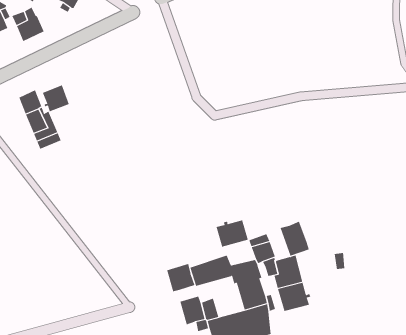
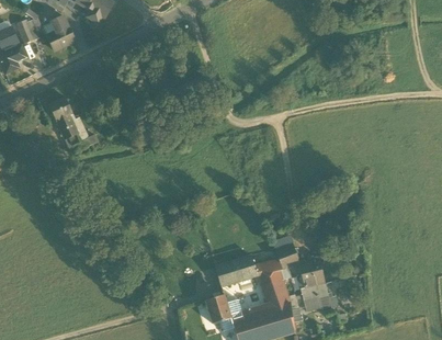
building: [42,85,69,112] -> none
building: [216,219,249,247] -> none
building: [280,221,310,257] -> none
building: [166,263,195,292] -> none

